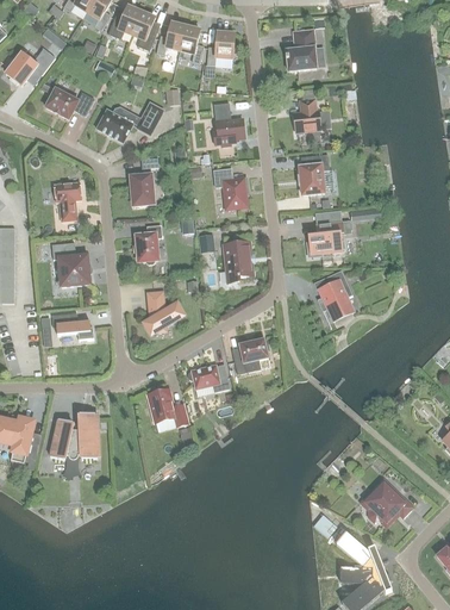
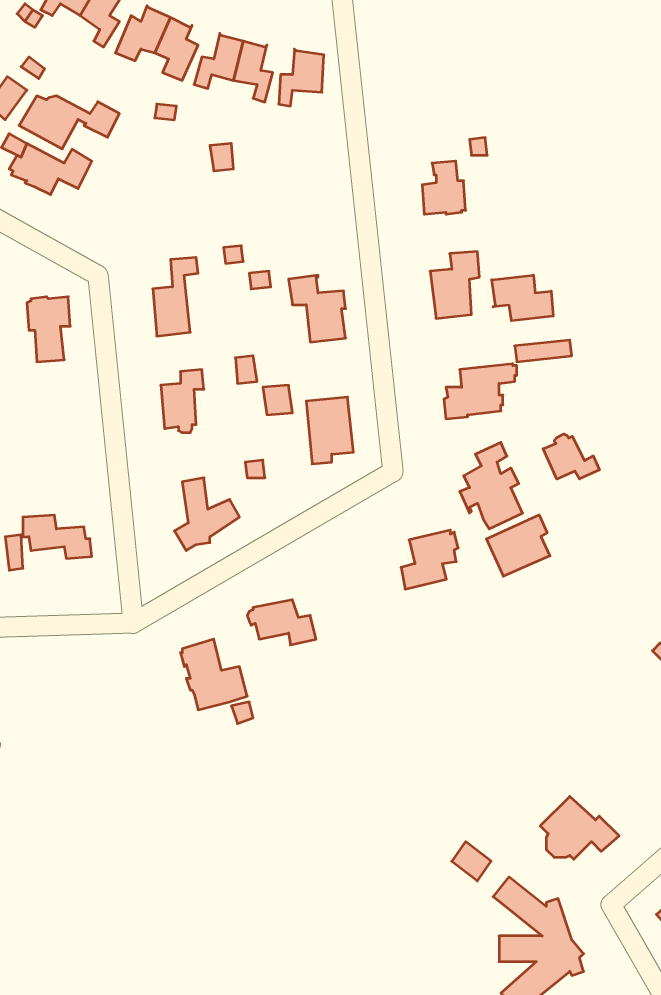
building: [286,29,315,69] -> none
building: [213,101,244,145] -> none
building: [96,108,157,141] -> [19,96,119,149]
building: none -> [492,275,553,321]
building: [51,241,89,285] -> none
building: none -> [543,434,599,479]
building: none -> [486,515,550,576]
building: [235,337,269,373] -> [401,530,458,589]
building: [50,411,96,459] -> none

